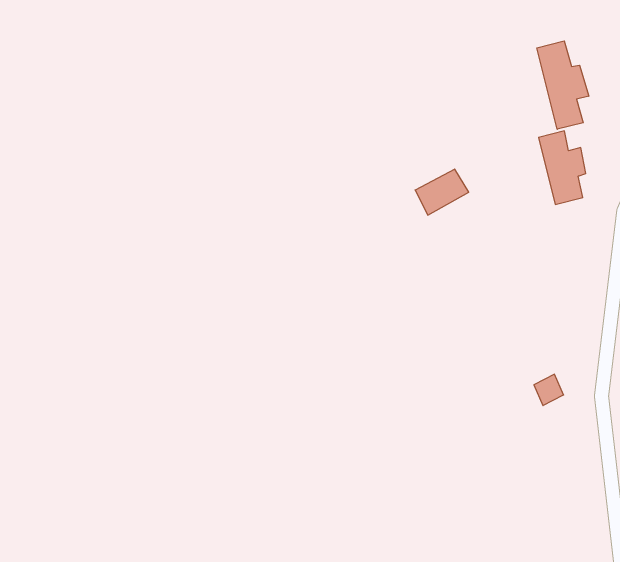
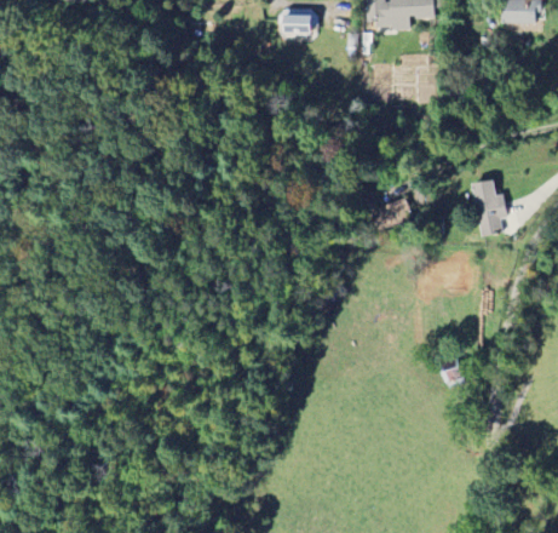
building: [537,41,589,129] -> none

